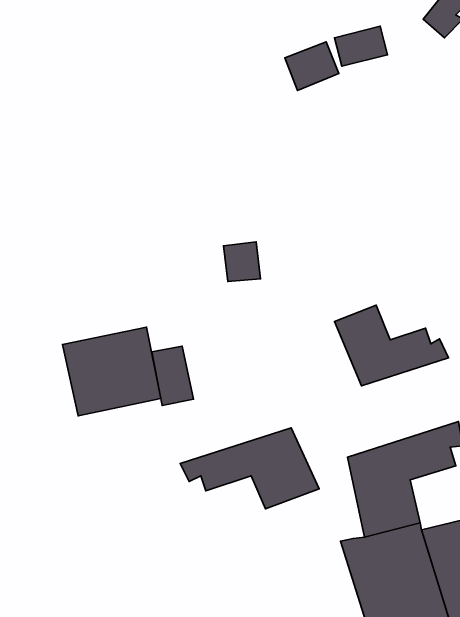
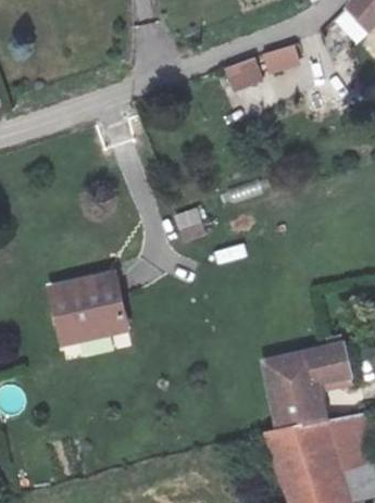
building: [334,305,448,386] -> none
building: [152,346,193,406] -> none
building: [180,428,319,509] -> none

